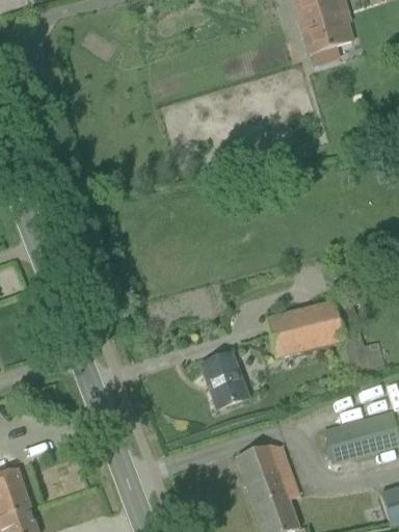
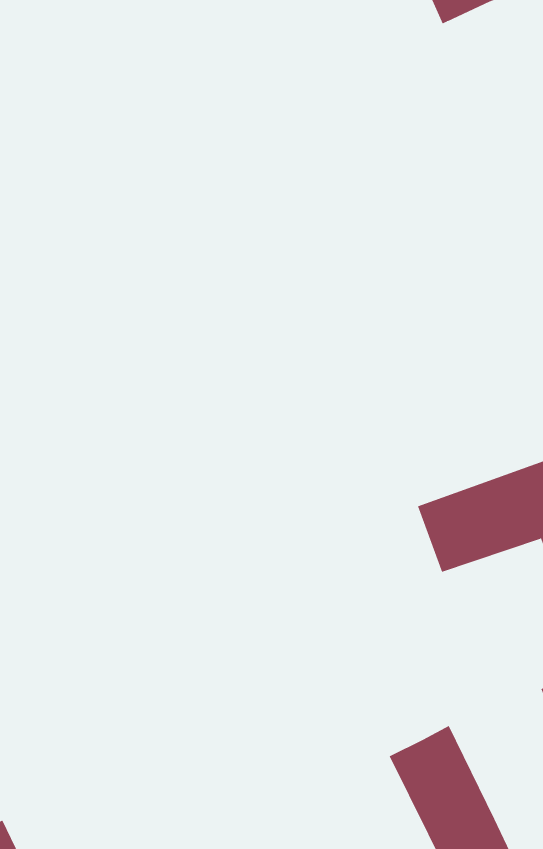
building: [202,350,249,405] -> none

